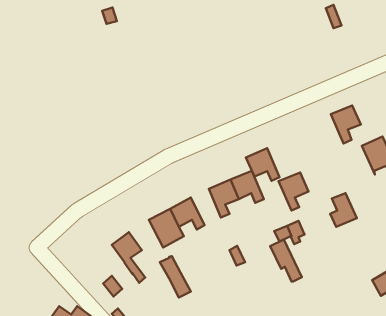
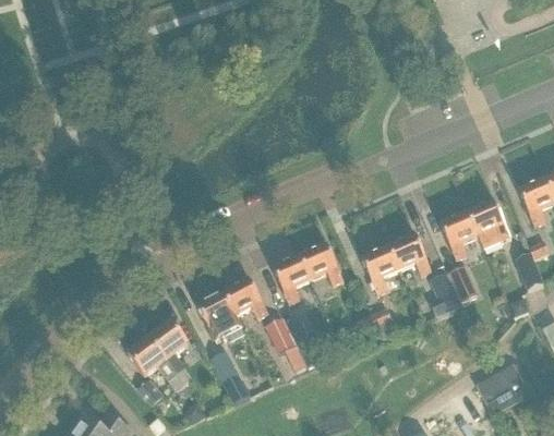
building: [331,105,361,143] -> [439,211,478,259]
building: [246,148,279,181] -> [388,233,431,275]
building: none -> [448,264,478,300]
building: [270,239,302,282] -> [265,316,305,370]
building: none -> [128,337,184,391]

